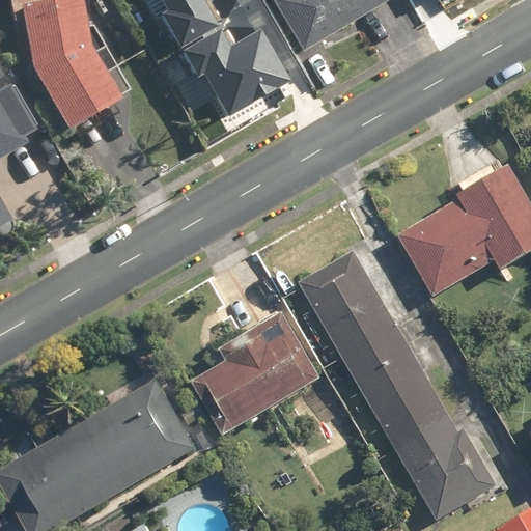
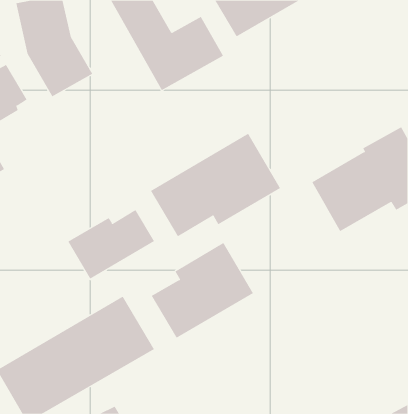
building: none -> [150,133,281,237]
building: [298,251,499,521] -> none
building: none -> [68,209,155,280]

